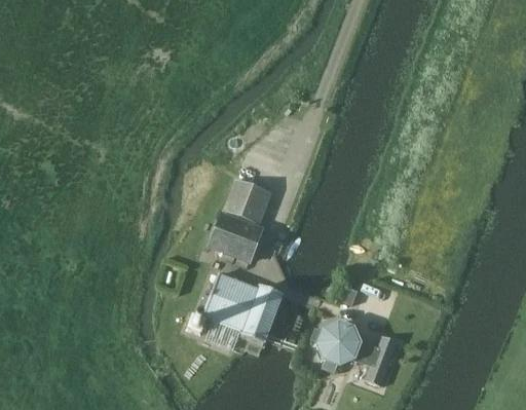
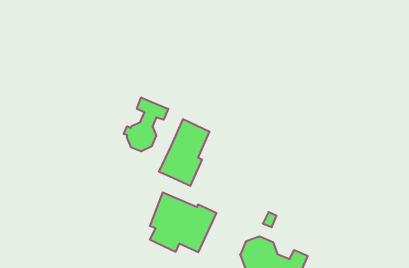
building: none -> [124,97,168,151]

